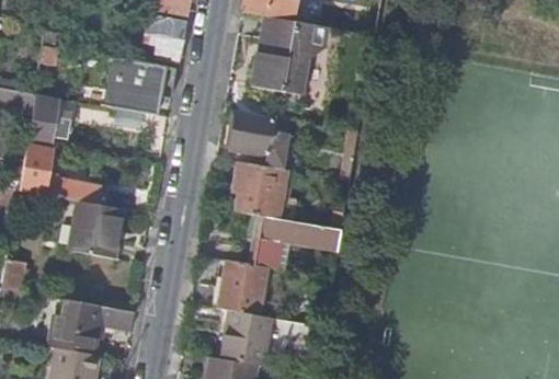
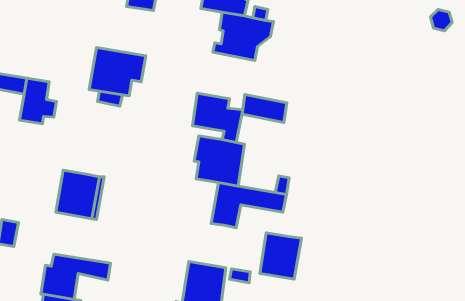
building: [138,14,183,61] -> none
building: [251,64,304,96] -> [242,95,287,122]
building: [18,143,109,207] -> none
building: [218,261,267,315] -> [260,233,302,279]

